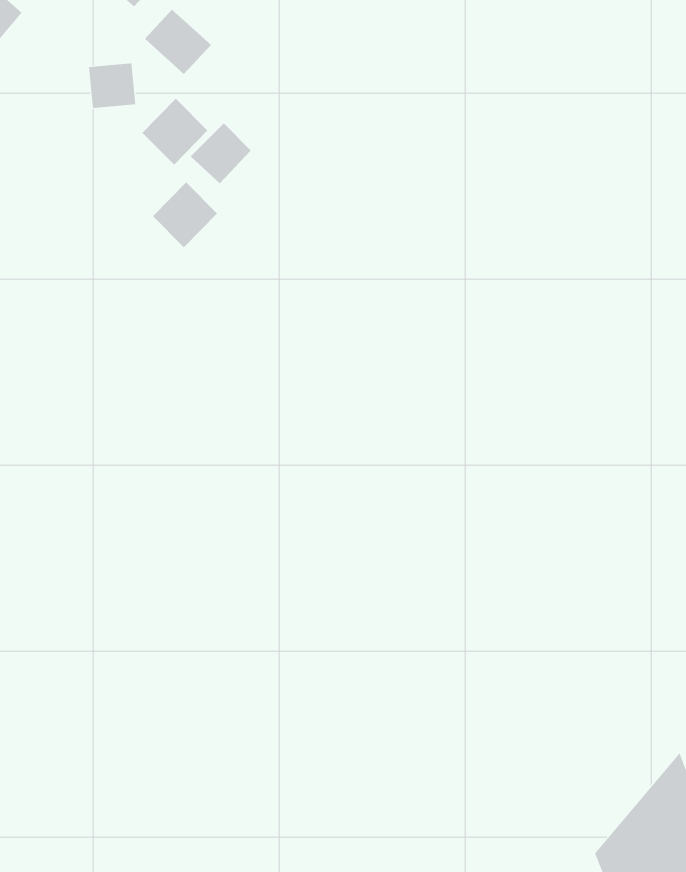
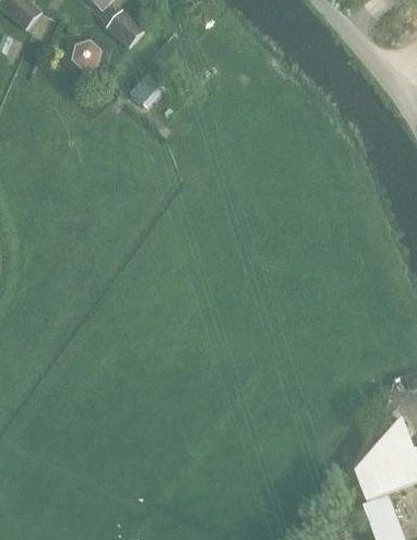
building: [142,98,208,166] -> none
building: [152,182,218,248] -> none

